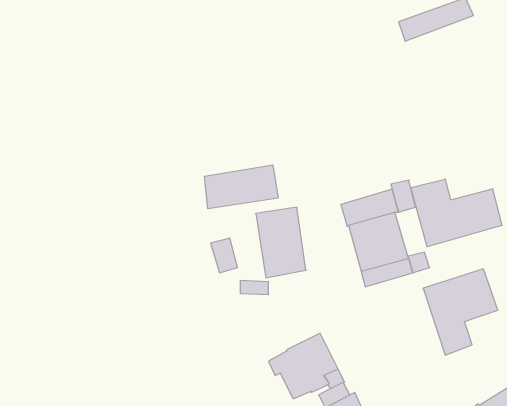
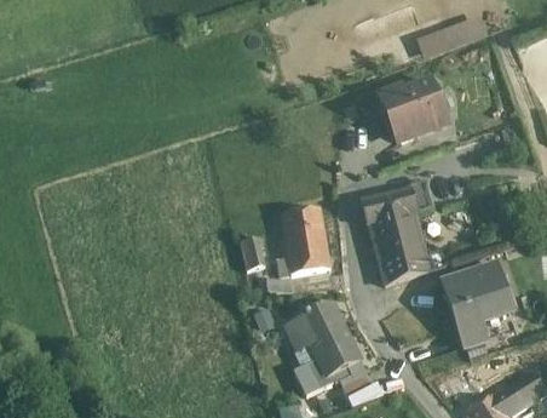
building: none -> [384,80,447,142]
building: [204,165,278,209] -> none
building: [411,179,502,247] -> none
building: none -> [286,303,342,350]

